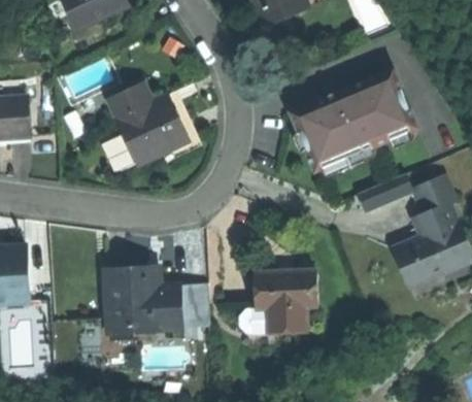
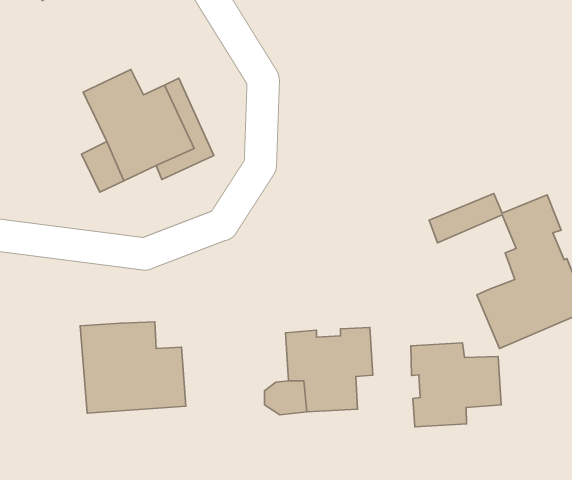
building: [292,69,417,168] -> none
building: none -> [411,343,501,427]
building: [177,283,208,329] -> none

